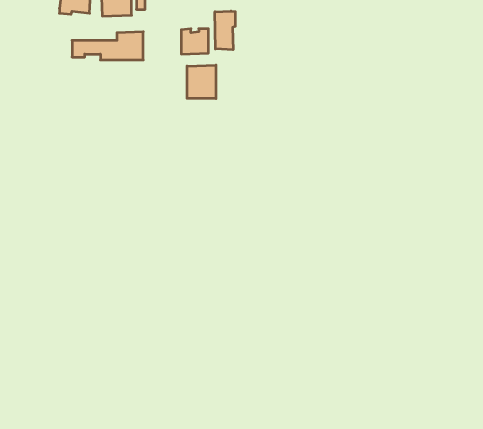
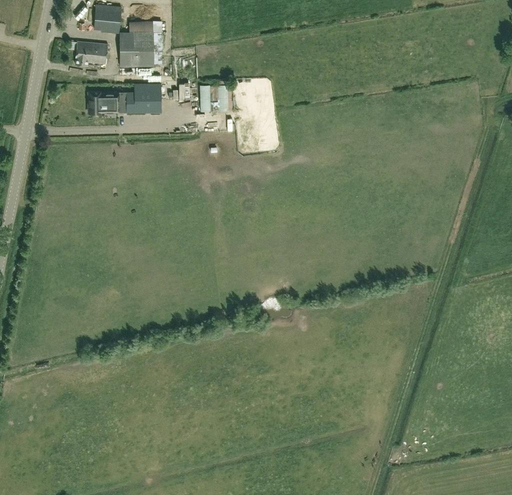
building: [215,11,235,50] -> none
building: [187,65,216,99] -> none

